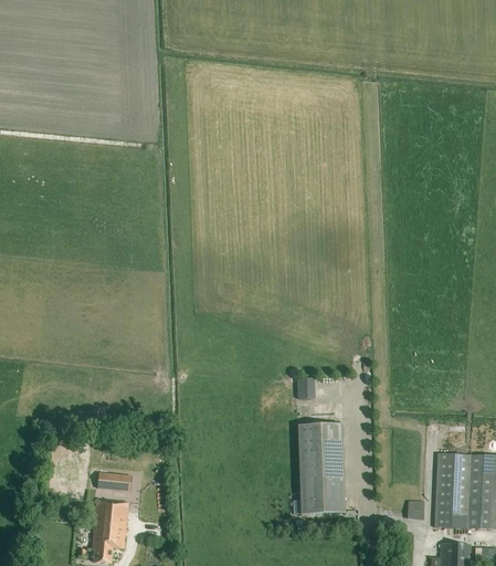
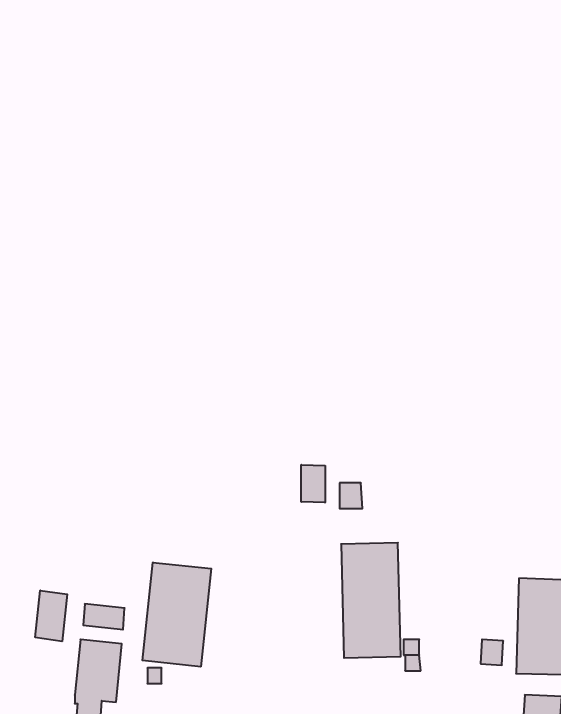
building: none -> [301,465,325,503]
building: none -> [142,562,211,667]
building: none -> [35,590,67,641]

